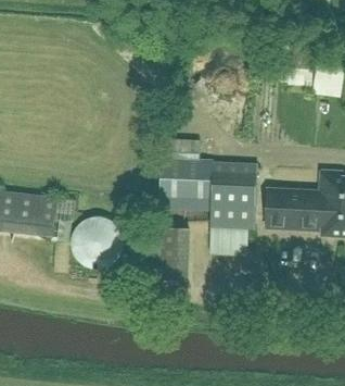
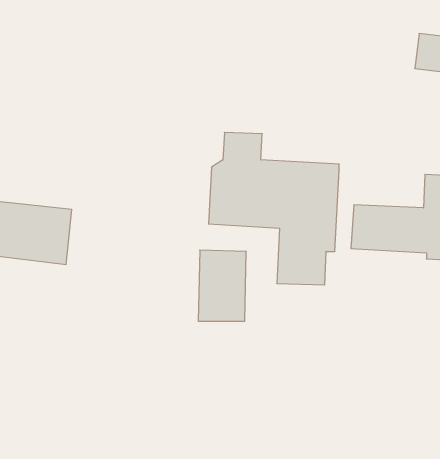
building: [72,216,124,269] -> none

